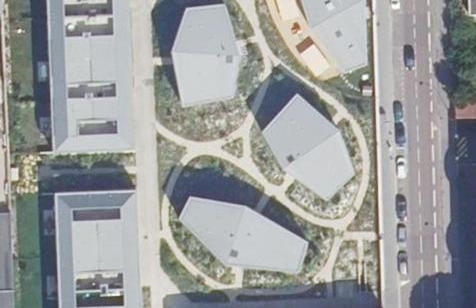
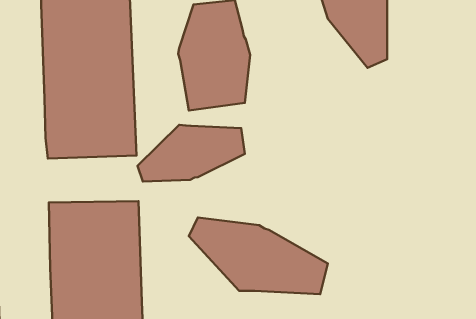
building: [259,93,351,199] -> none
building: none -> [137,125,245,182]

